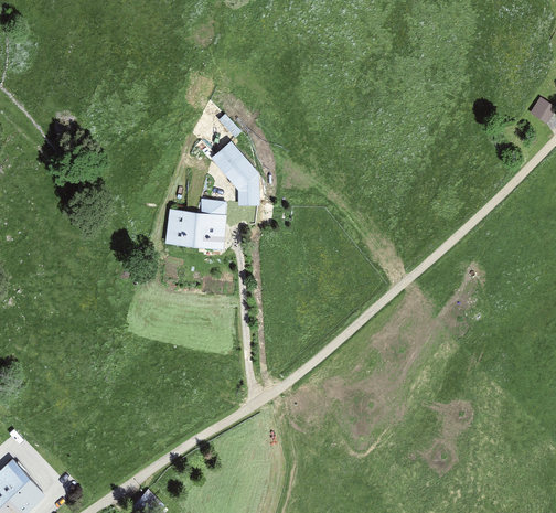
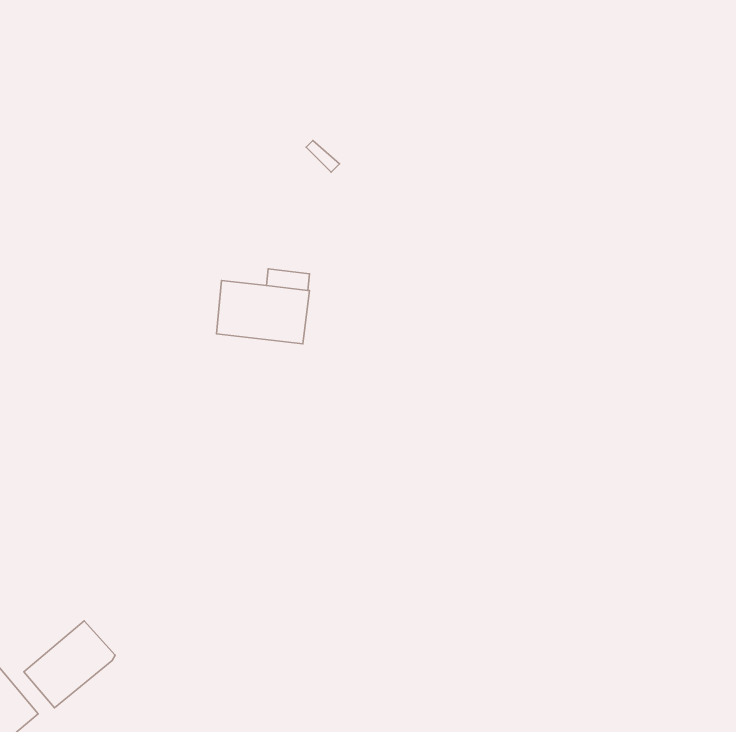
building: [212,143,256,205] -> none
building: none -> [24,621,115,708]

